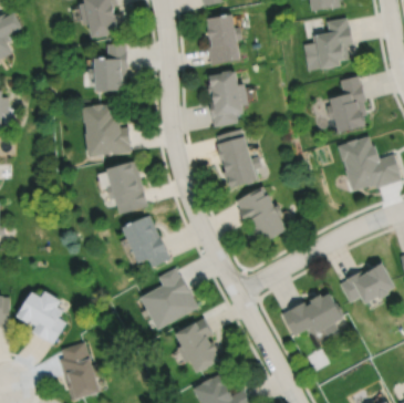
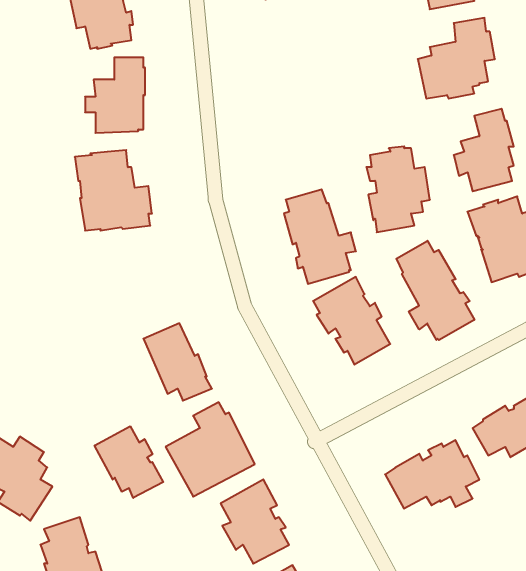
building: [208,16,244,65] -> none
building: [208,72,249,127] -> [366,146,430,232]
building: [106,162,148,215] -> none
building: none -> [396,241,474,340]
building: none -> [95,426,163,498]

